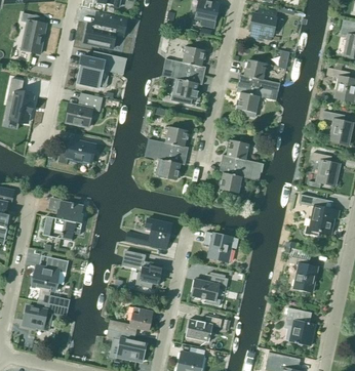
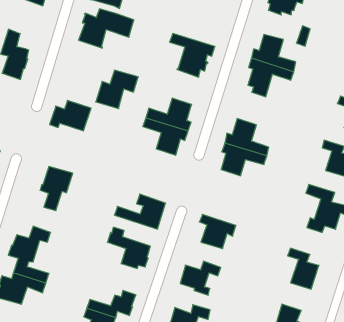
building: [163,47,205,76] -> none
building: [66,93,103,128] -> [96,70,138,109]

